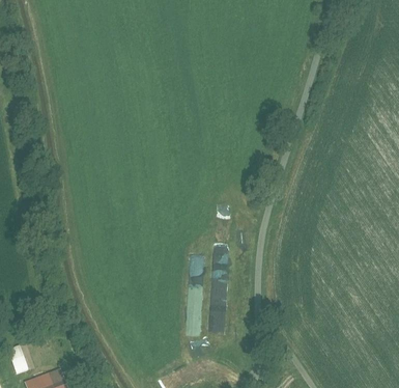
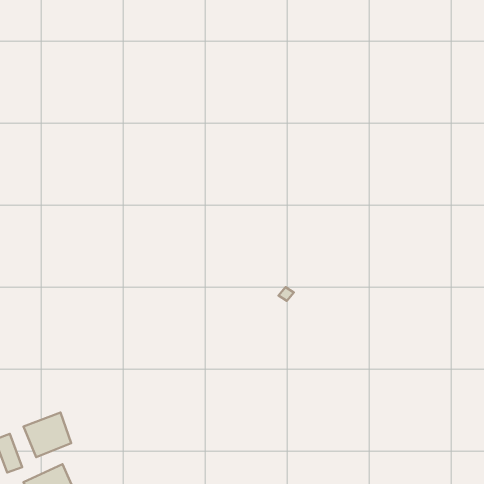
building: none -> [24,412,71,457]

